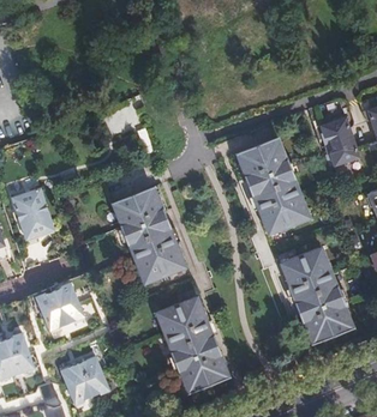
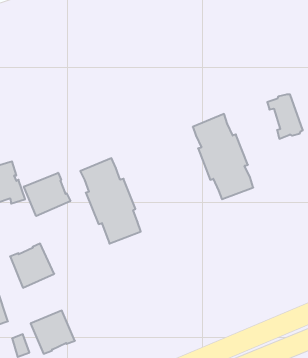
building: none -> [24,173,70,216]
building: [283,247,351,342] -> none
building: [160,297,227,391] -> none

